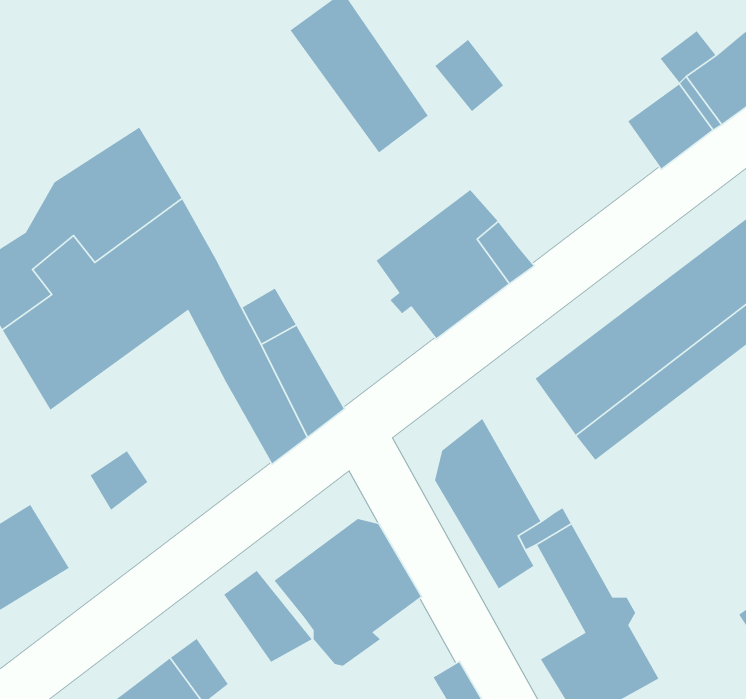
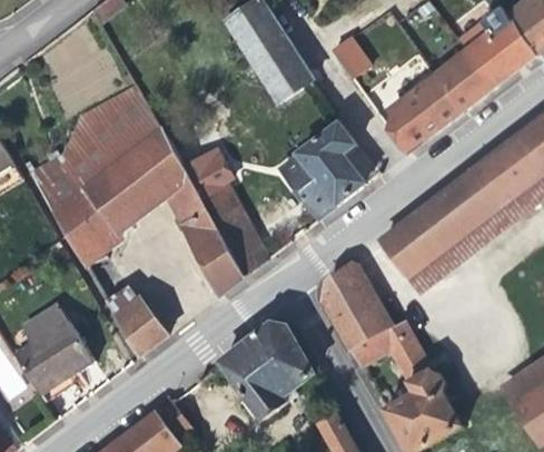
building: none -> [386,79,461,149]
building: none -> [184,148,230,195]
building: none -> [118,302,166,354]
building: [223,570,313,663] -> none

